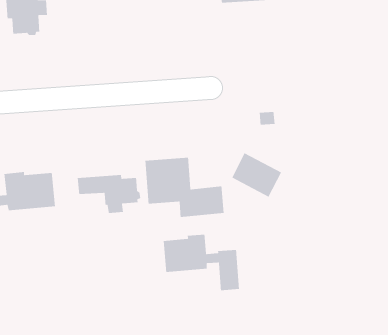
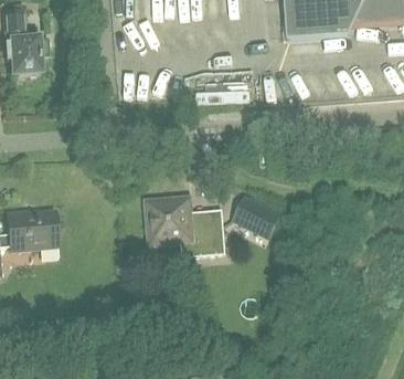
building: [77,174,141,214] -> none
building: [163,234,240,291] -> none

